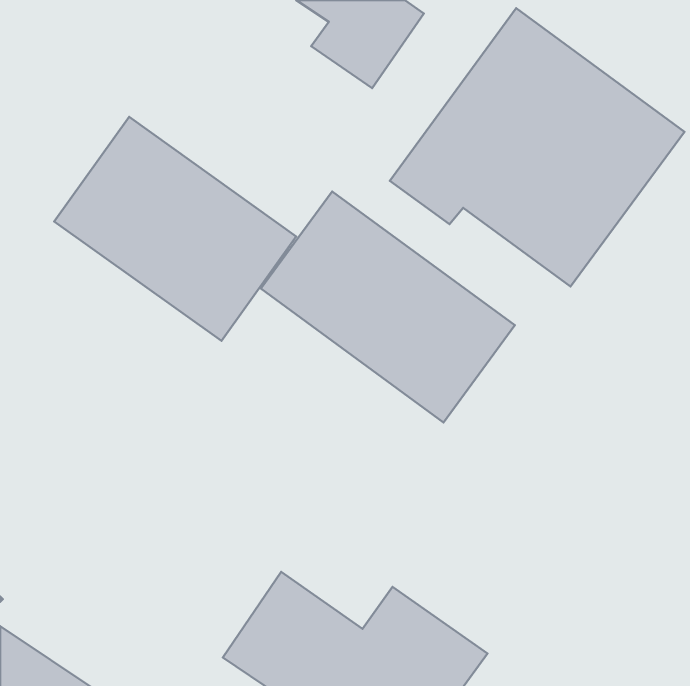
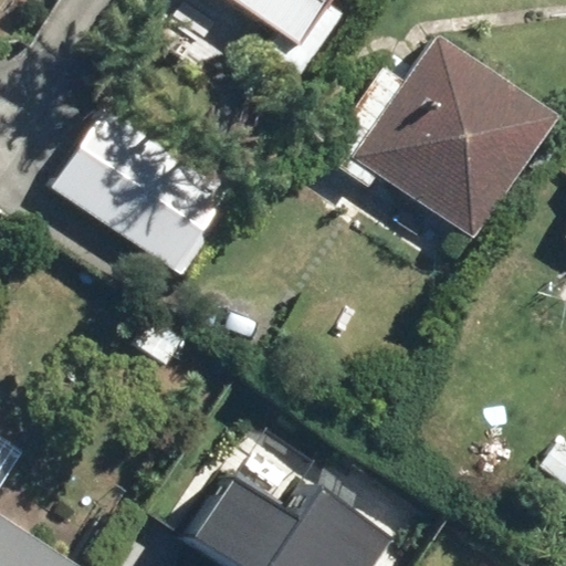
building: [261,191,515,422] -> none

